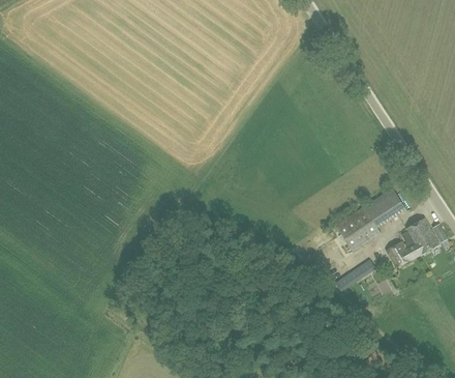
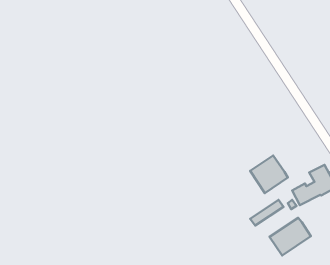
building: [361,186,403,226] -> none
building: none -> [269,218,311,255]

